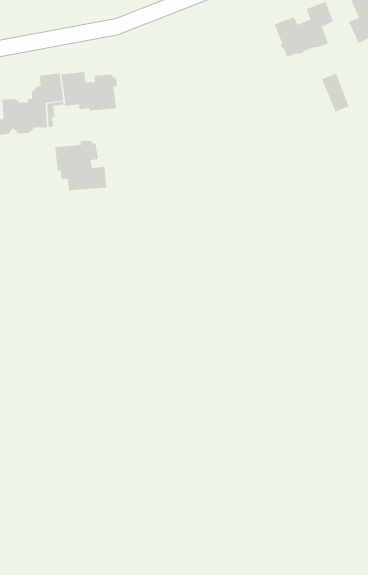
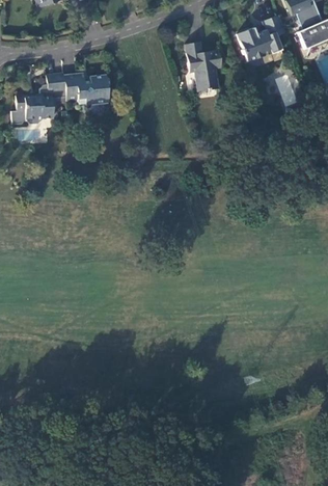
building: none -> [185,42,221,91]
building: [55,140,107,192] -> none

